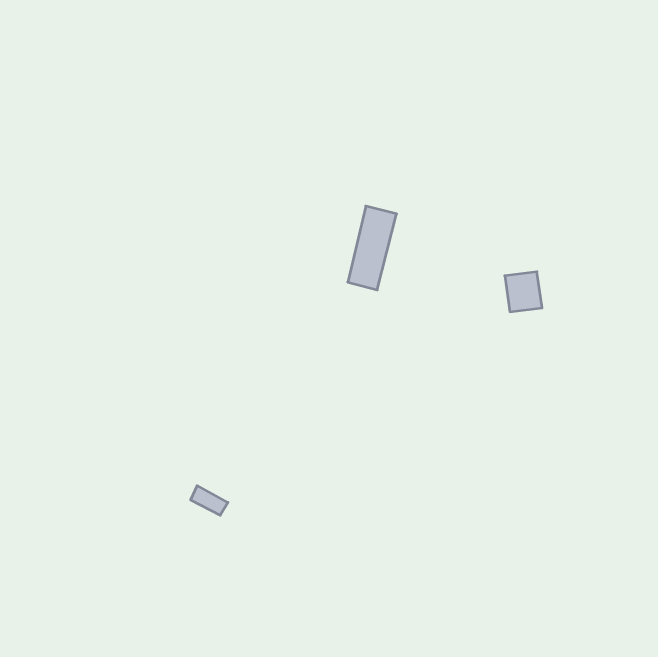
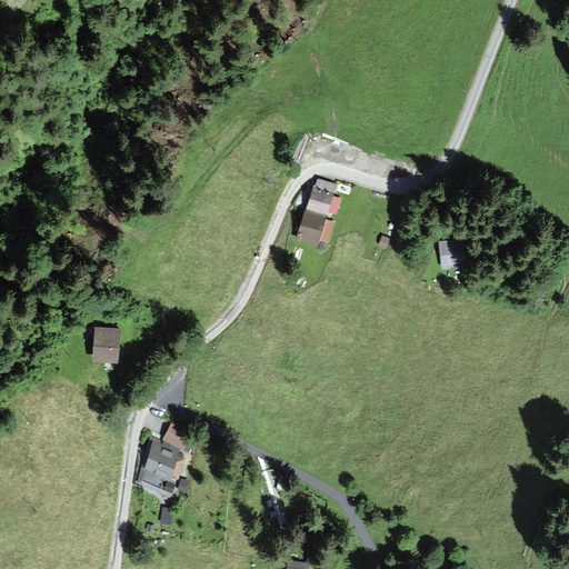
building: none -> [93,325,114,365]
building: none -> [137,441,182,491]

